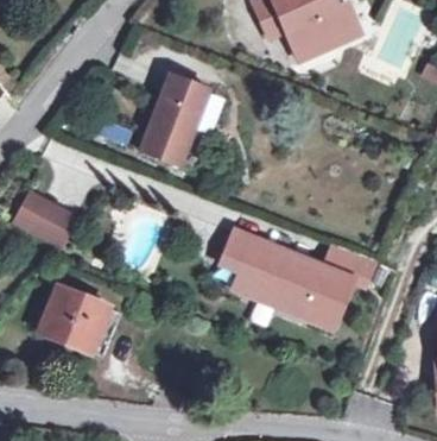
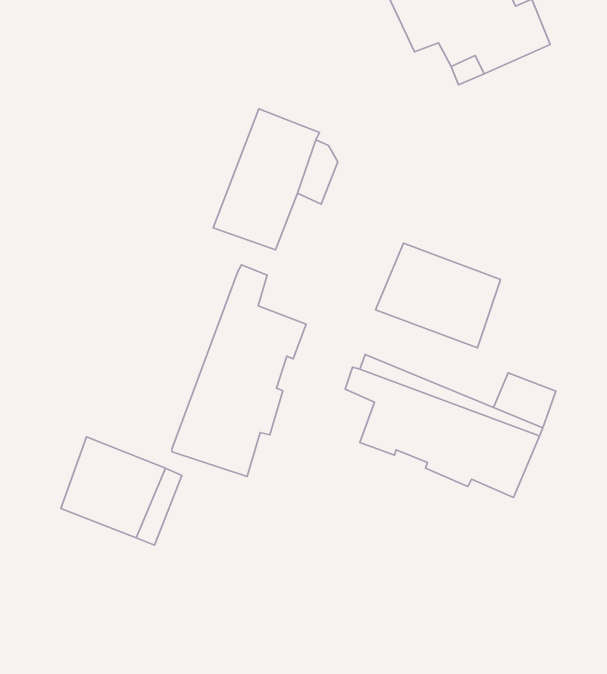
building: none -> [375,243,501,348]
building: none -> [172,265,306,476]
building: [19,196,76,244] -> none

